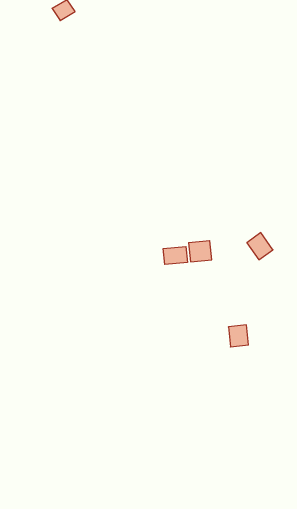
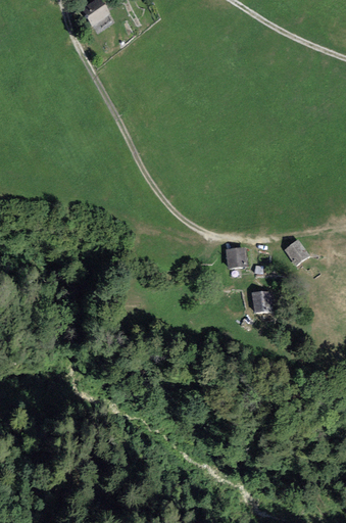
building: [163,247,187,264] -> none
building: [228,325,248,347] -> [252,290,273,313]

